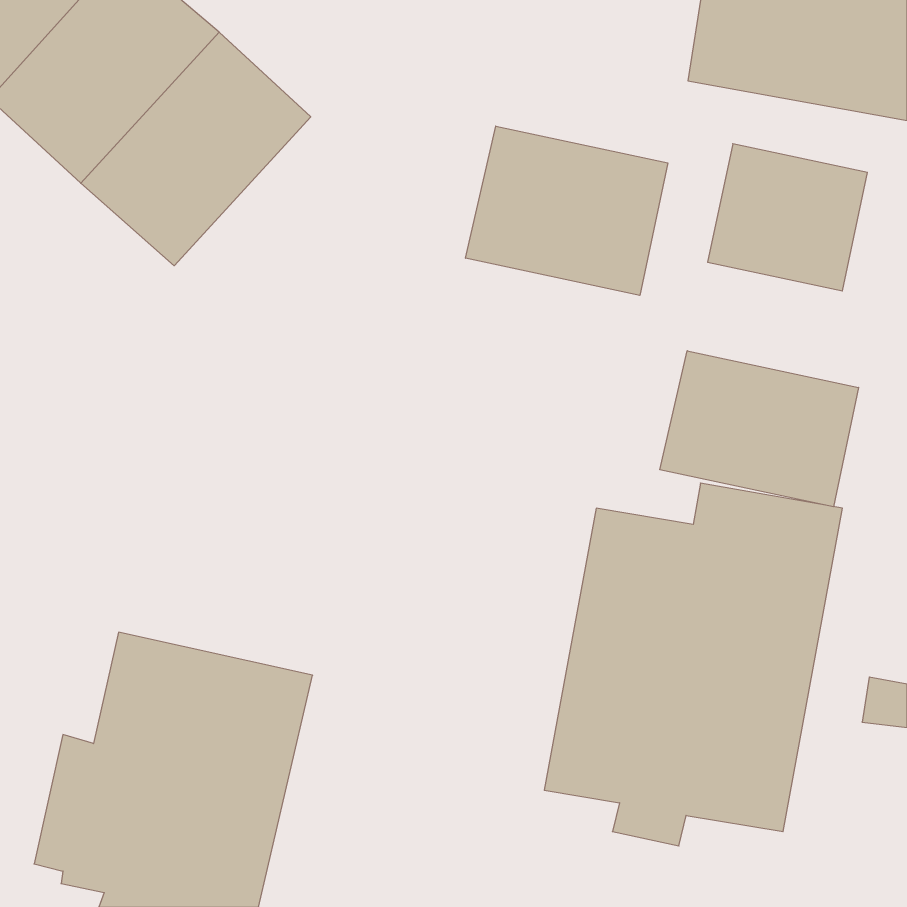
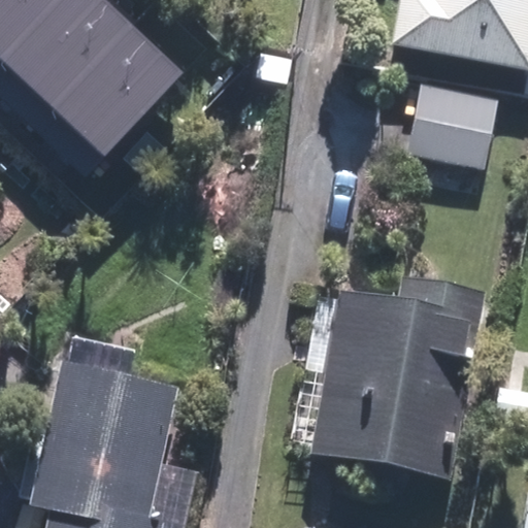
building: [466,126,668,295] -> none
building: [660,351,859,507] -> none

